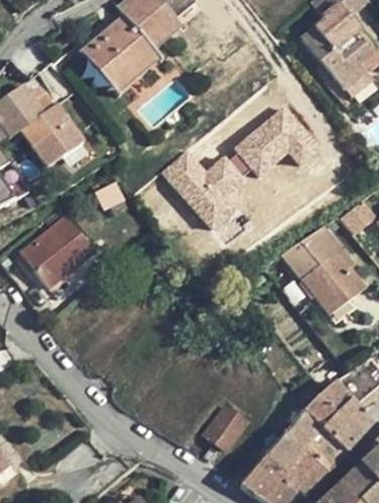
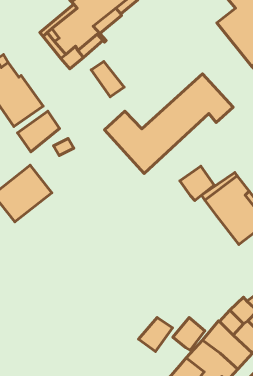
building: none -> [91,62,124,97]
building: none -> [18,111,59,152]
building: none -> [180,166,214,200]
building: none -> [173,317,205,350]

